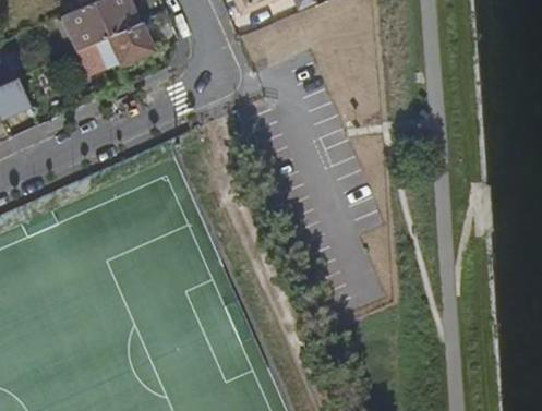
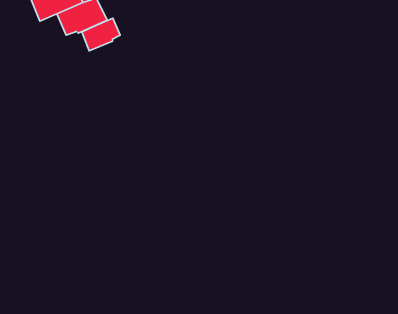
building: none -> [82,18,120,51]

